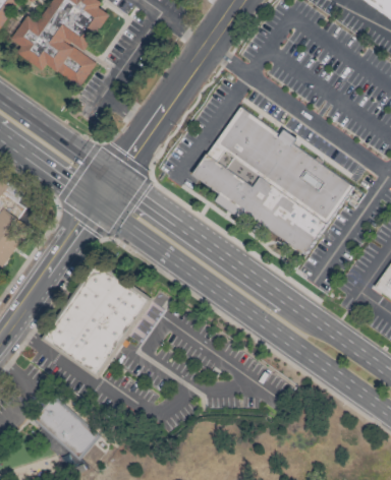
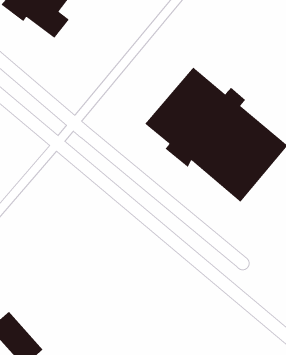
building: [43,263,150,378] -> none

